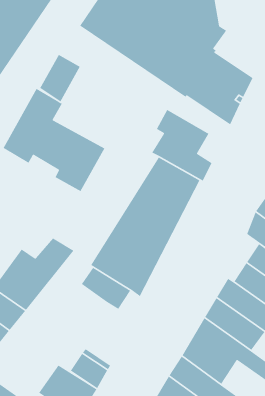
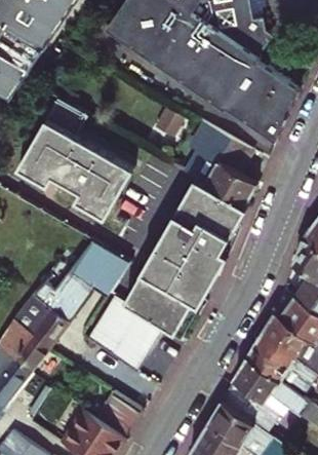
building: [39,54,81,102] -> none
building: none -> [77,242,128,283]
building: none -> [93,321,150,373]

